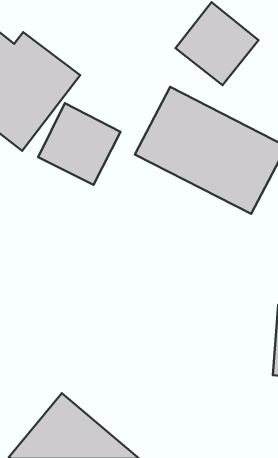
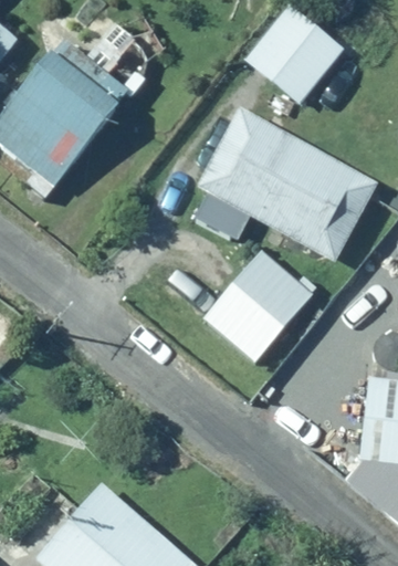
building: [38,103,121,185] -> none
building: none -> [199,252,313,366]

